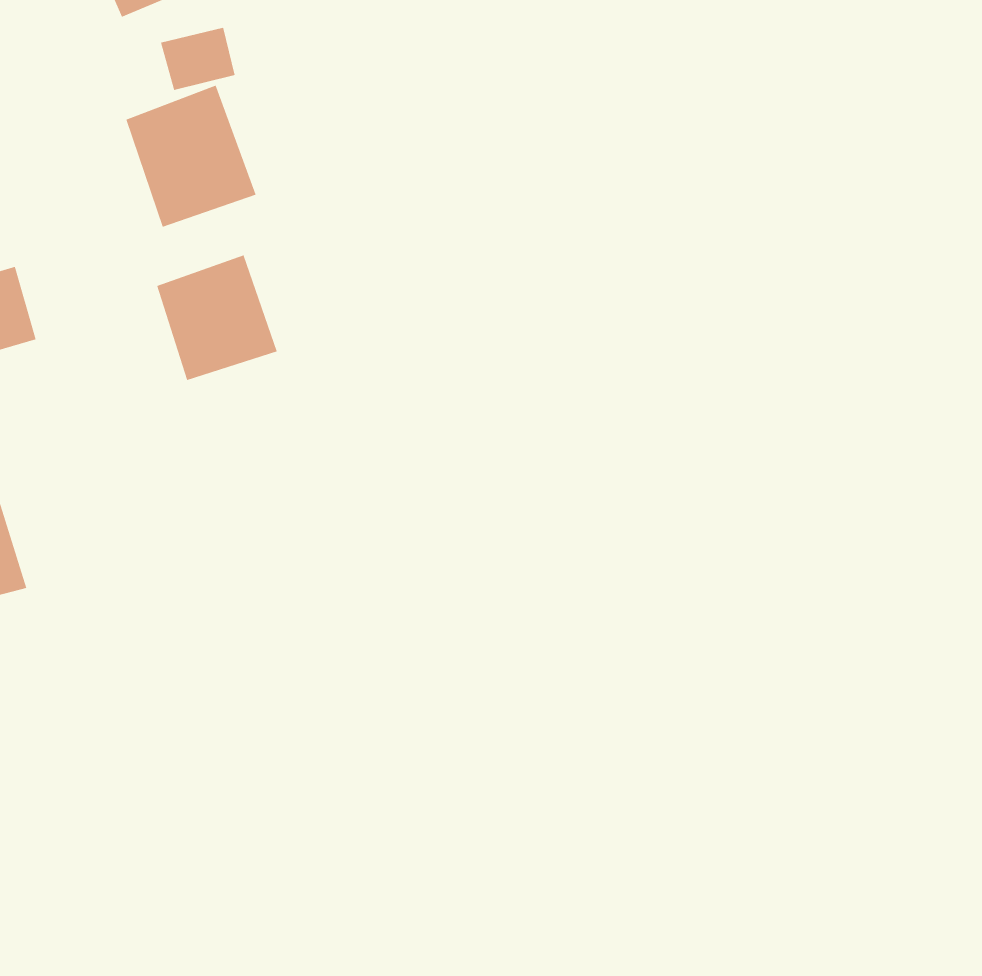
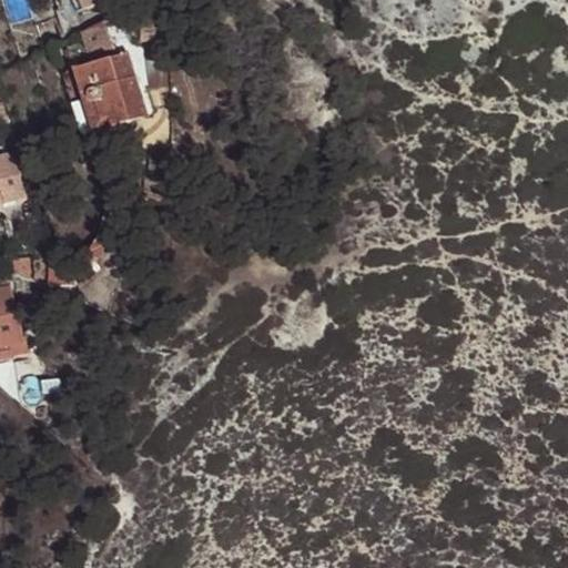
building: [157,254,278,381] -> none

